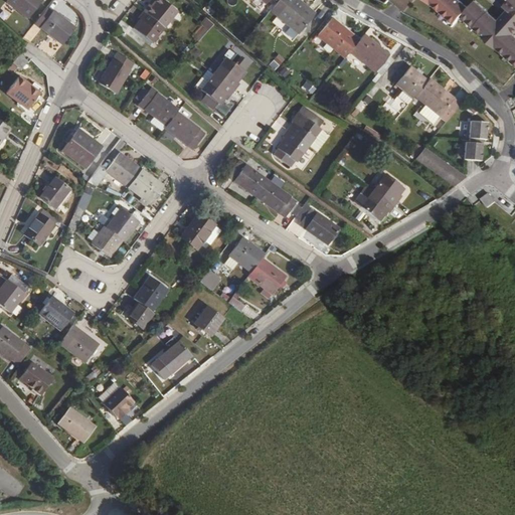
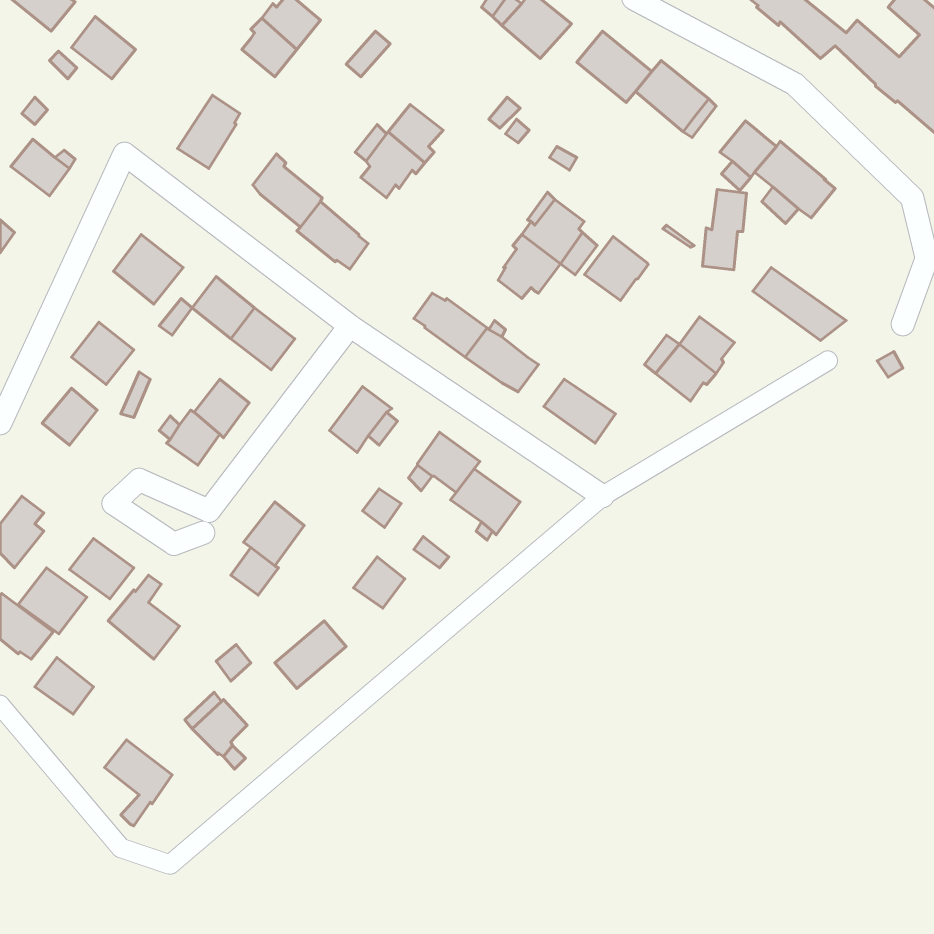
building: [464,116,488,160] -> [703,189,747,270]
building: none -> [585,236,648,300]
building: none -> [18,568,87,634]

